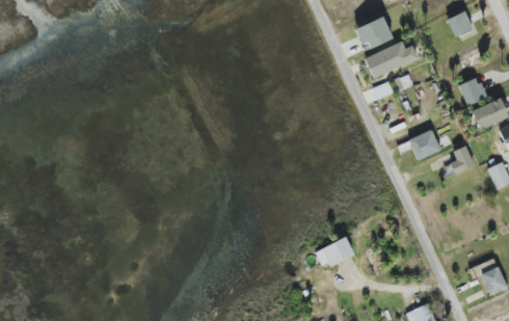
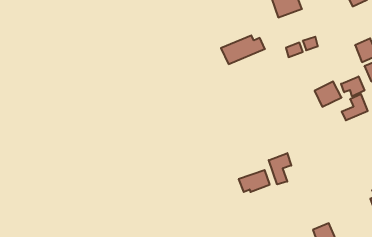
building: [364,42,418,77] -> [221,35,265,64]
building: none -> [341,76,364,96]
building: none -> [269,153,291,184]

